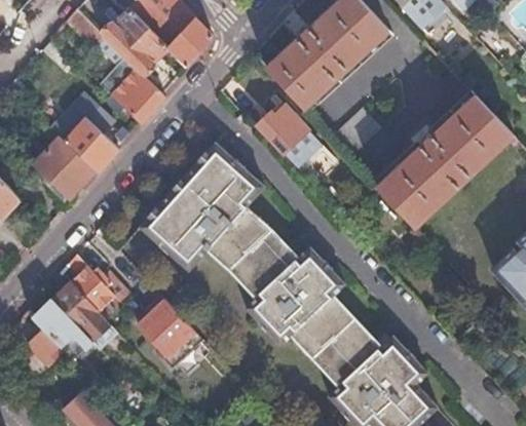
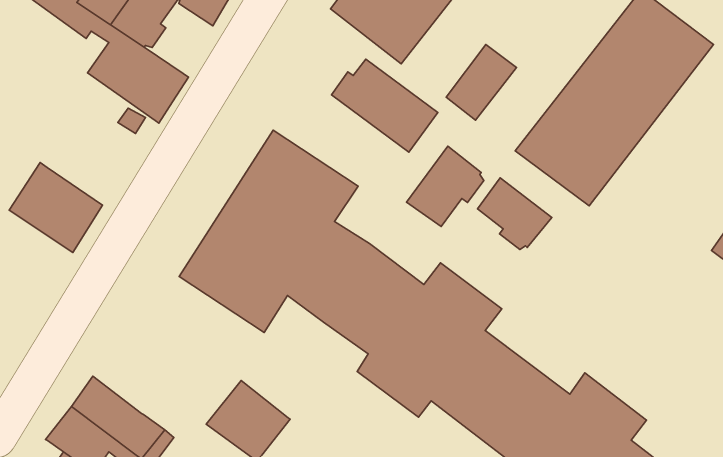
building: [64,116,119,172] -> none
building: none -> [406,146,484,226]
building: none -> [477,178,552,249]
building: [68,254,129,311] -> none

